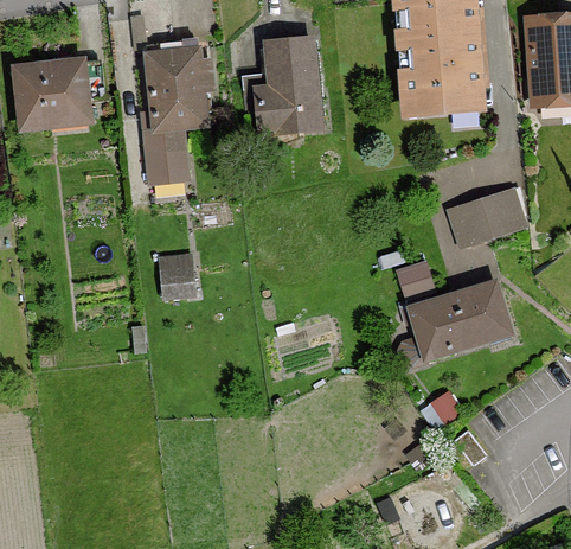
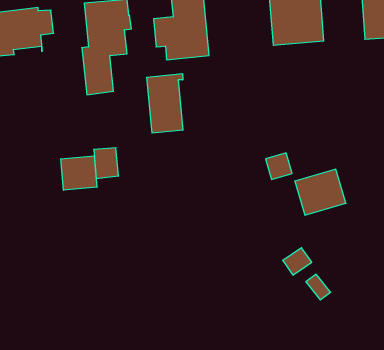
building: none -> [147,74,183,133]
building: [456,192,518,242] -> none
building: none -> [61,156,97,190]
building: [399,300,453,366] -> none

